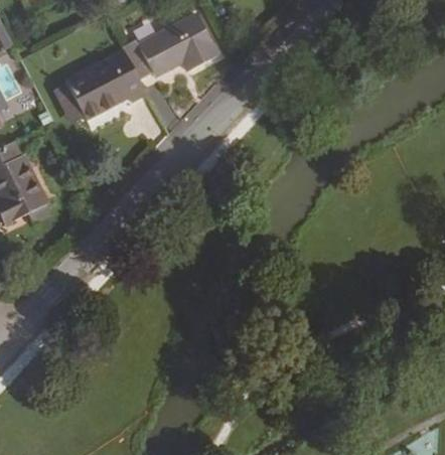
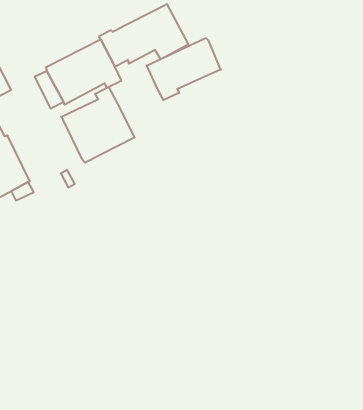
building: none -> [147,38,221,100]
building: none -> [61,87,135,163]

